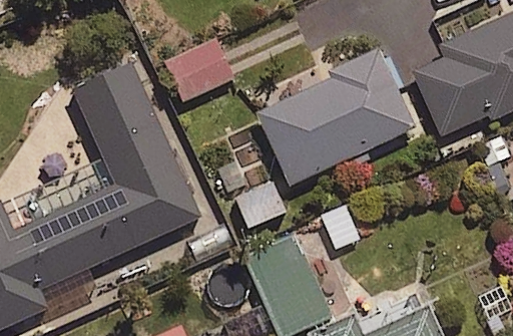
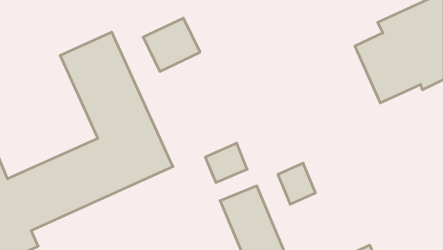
building: [256,45,415,183] -> none

